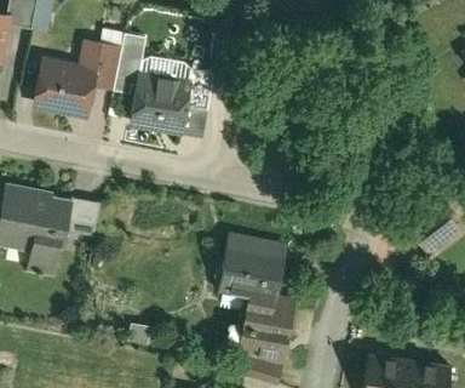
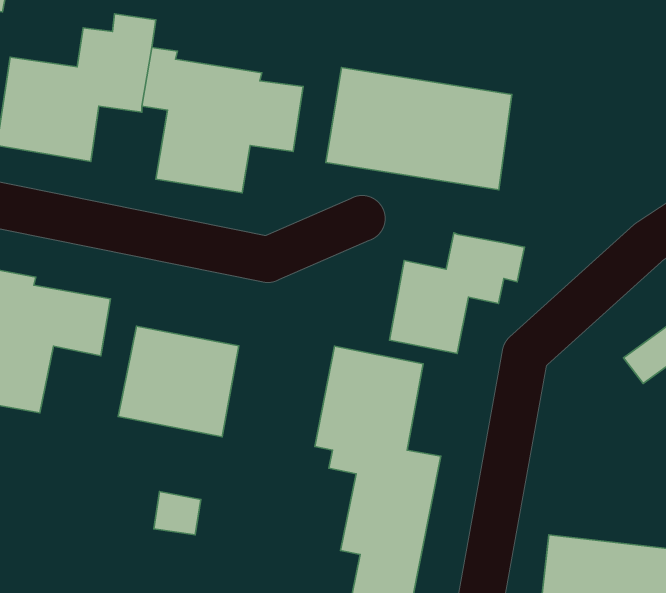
building: none -> [326,68,512,190]
building: none -> [389,233,524,354]
building: none -> [118,326,239,437]

